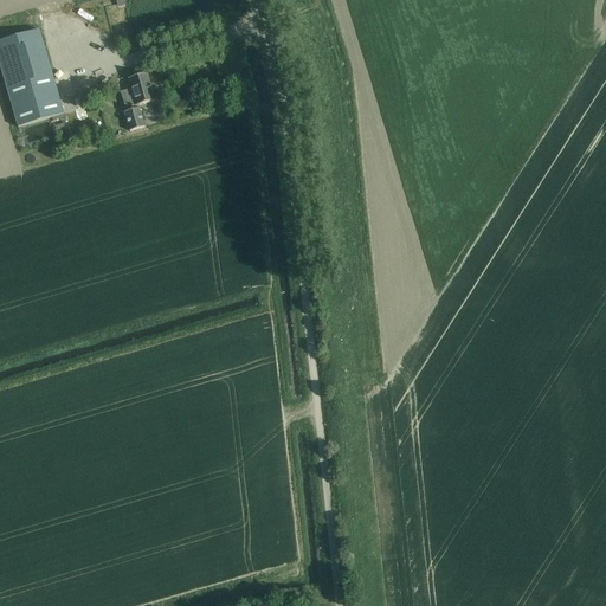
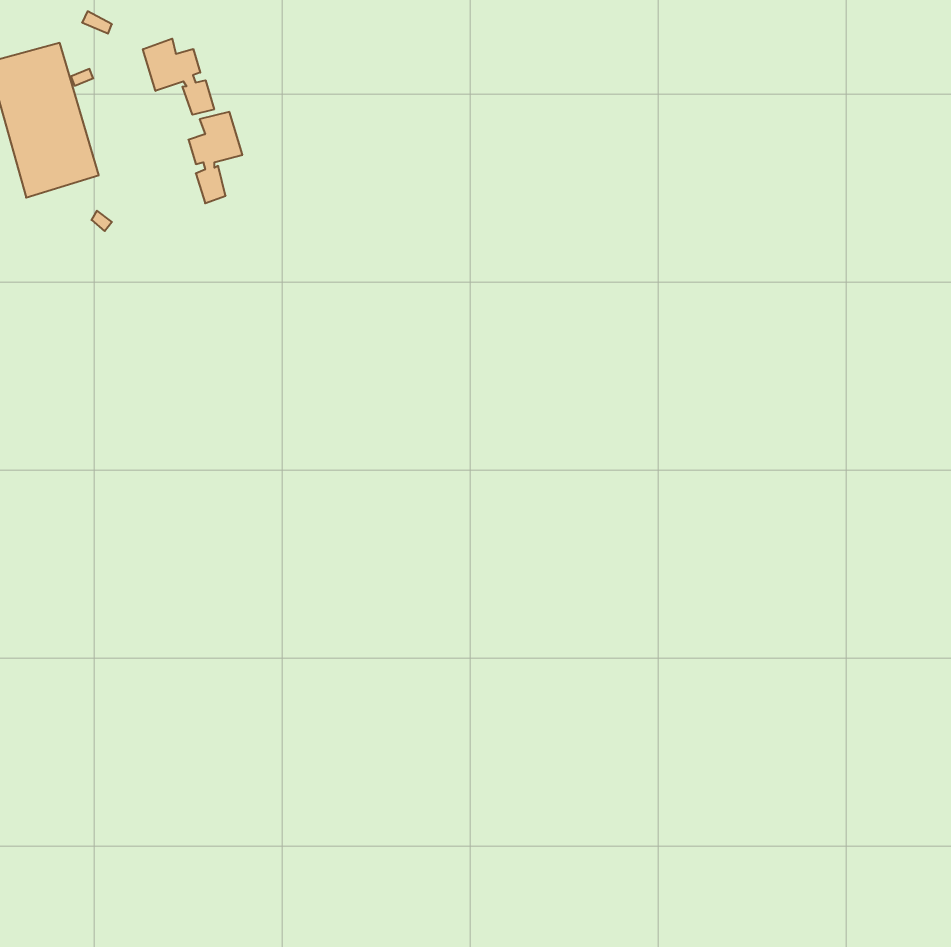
building: none -> [143,39,214,115]

